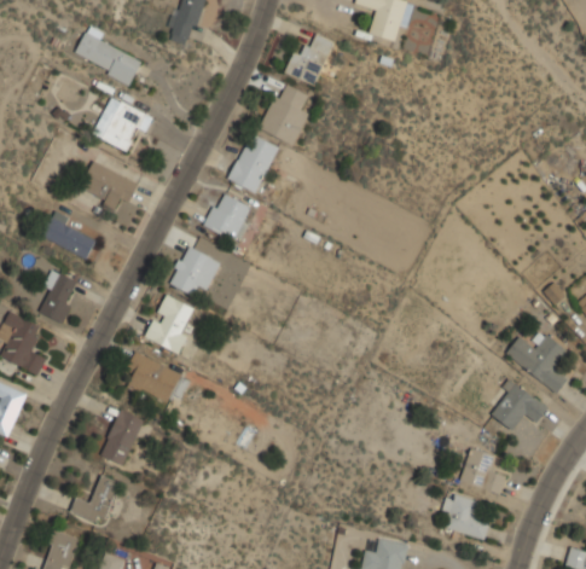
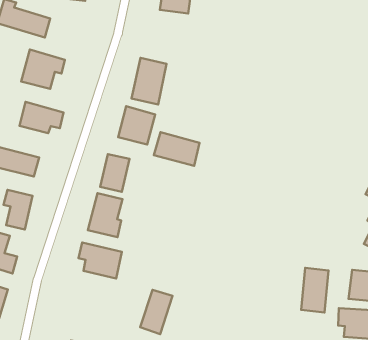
building: [259,81,311,145] -> none
building: none -> [154,132,200,166]
building: [98,410,146,468] -> [140,290,173,334]
building: none -> [301,268,329,312]

